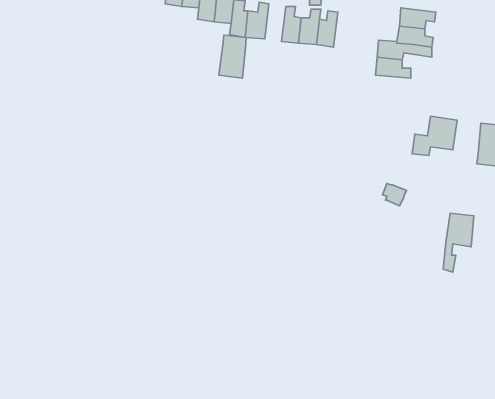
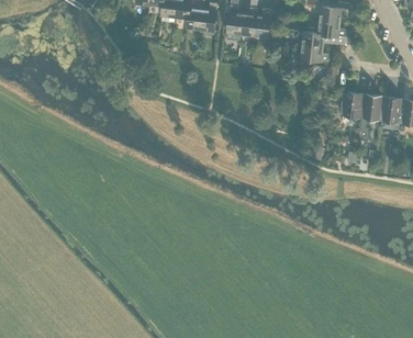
building: [219,35,246,78] -> none
building: [443,213,474,272] -> [359,94,383,140]

